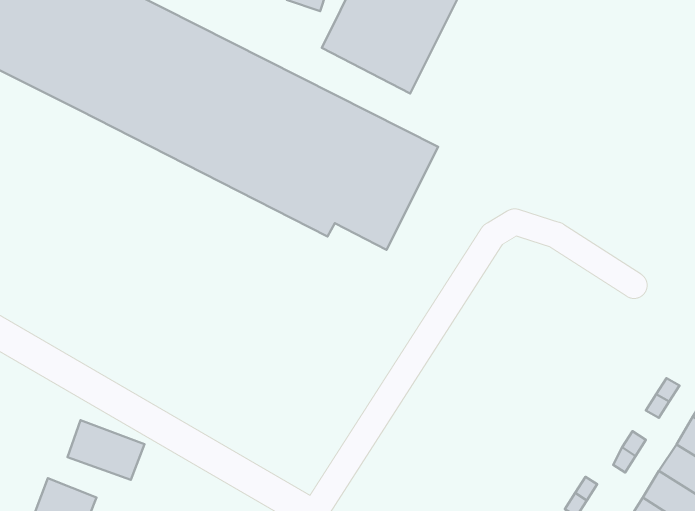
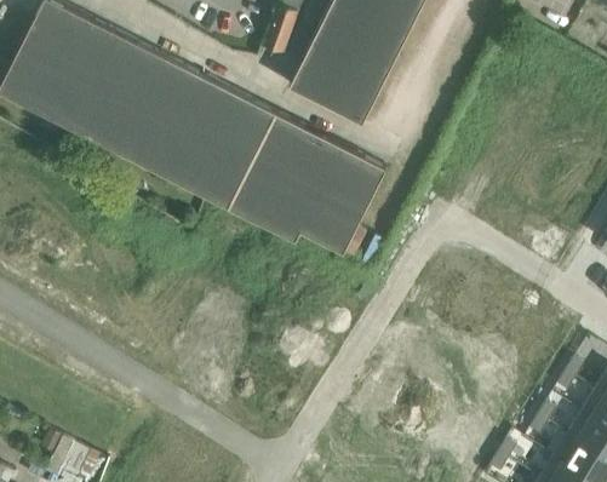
building: [68,420,145,480] -> none

